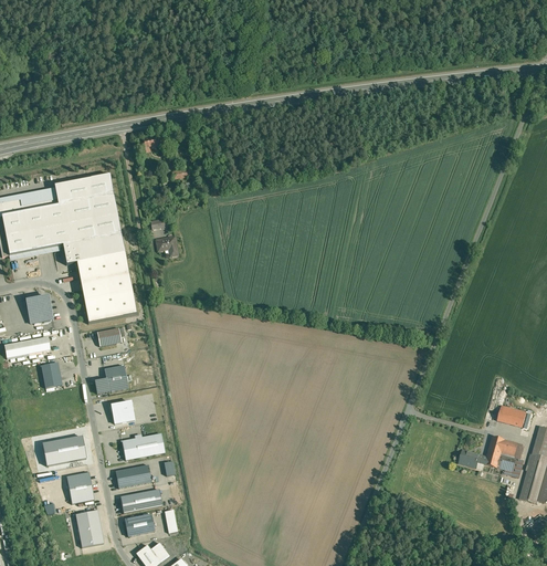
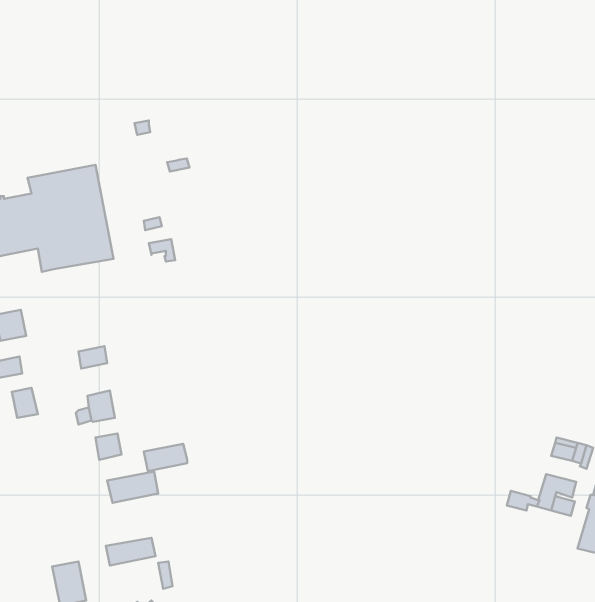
building: [76,252,138,322] -> none
building: [42,434,86,464] -> none
building: [115,463,151,486] -> [144,444,187,471]
building: [66,471,94,502] -> none
building: [125,513,155,535] -> none

